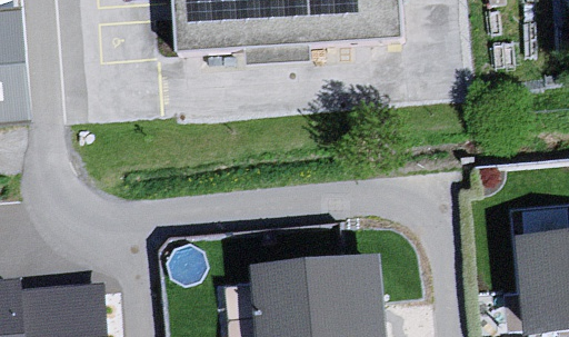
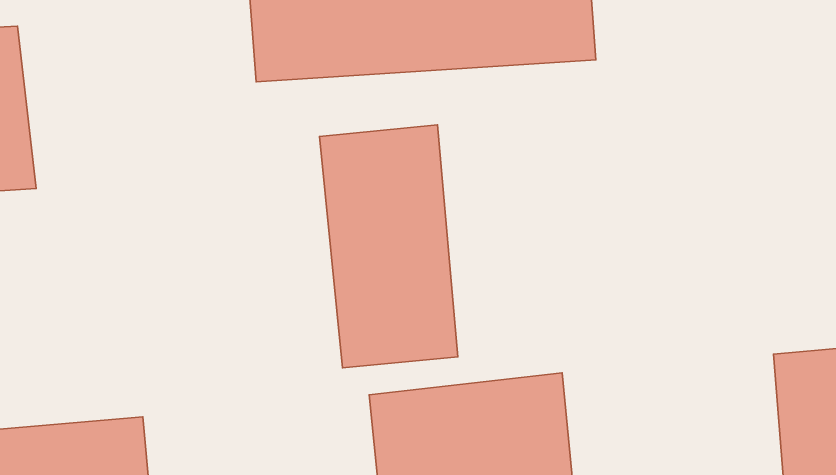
building: none -> [320,125,458,368]

